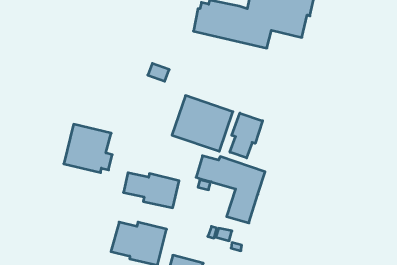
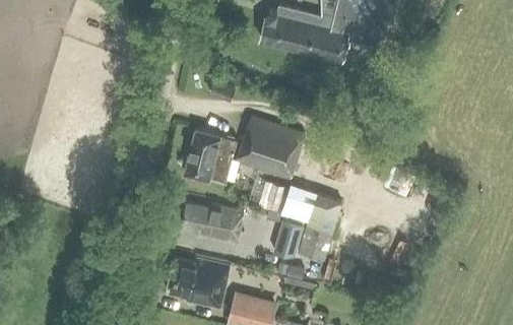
building: [230,113,263,158] -> none
building: [64,124,112,173] -> [183,128,238,183]
building: none -> [272,218,303,256]

